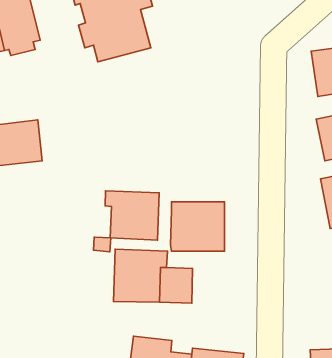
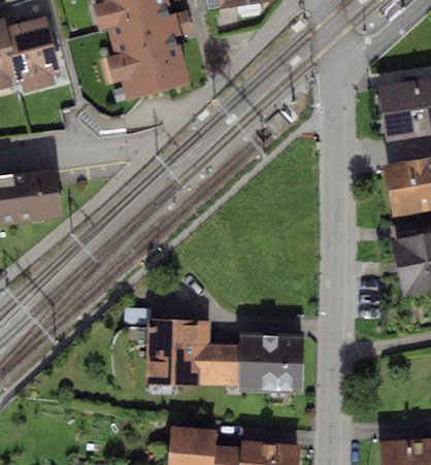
building: [105,191,159,240] -> none
building: [171,202,225,251] -> [239,334,303,393]

